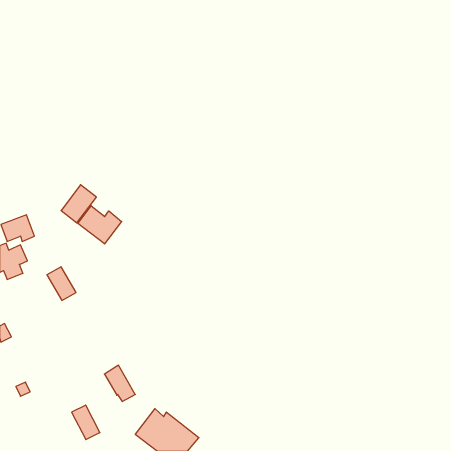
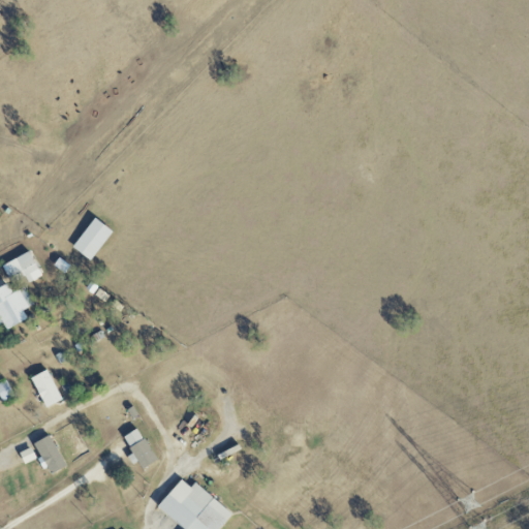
building: [78,206,122,244] -> none
building: [47,267,76,300] -> [29,369,63,408]
building: [72,405,100,440] -> [33,434,66,474]

